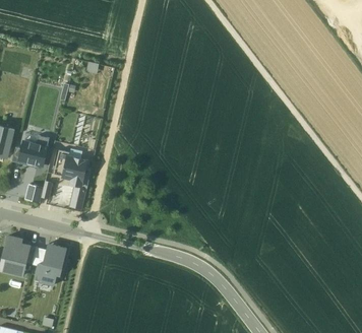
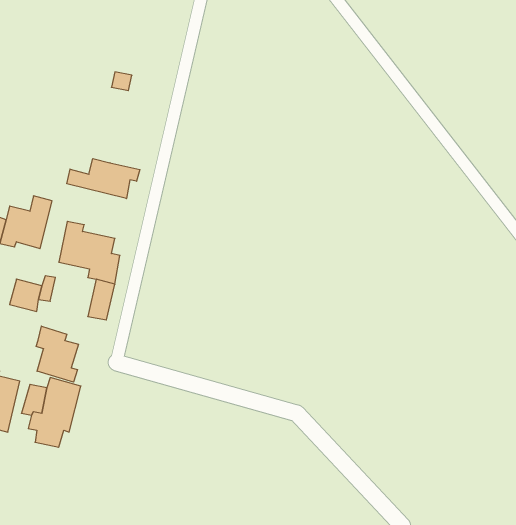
building: none -> [67,159,140,199]
building: none -> [36,326,79,382]

